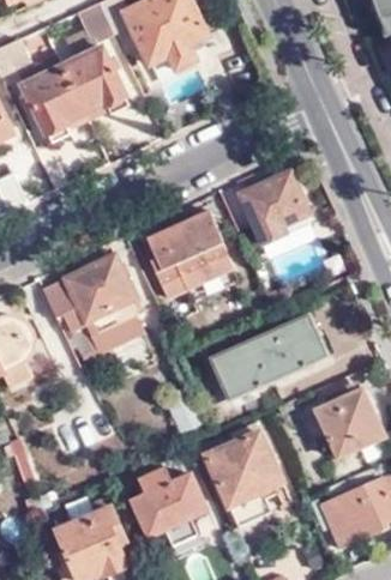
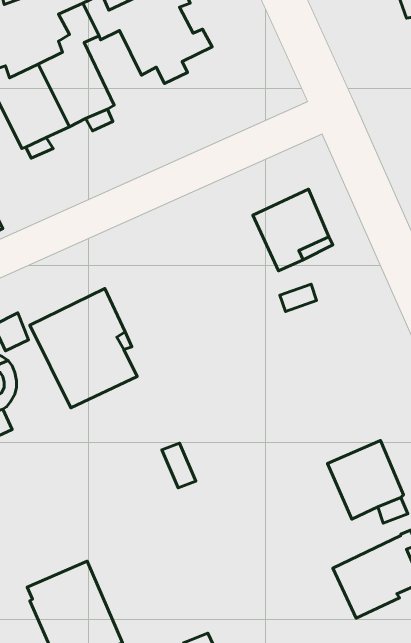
building: [142,211,235,290] -> none
building: [210,315,324,397] -> none
building: [204,433,282,528] -> none
building: [126,472,203,546] -> none

